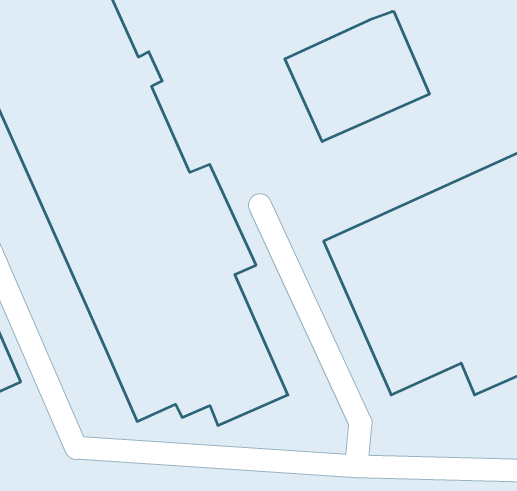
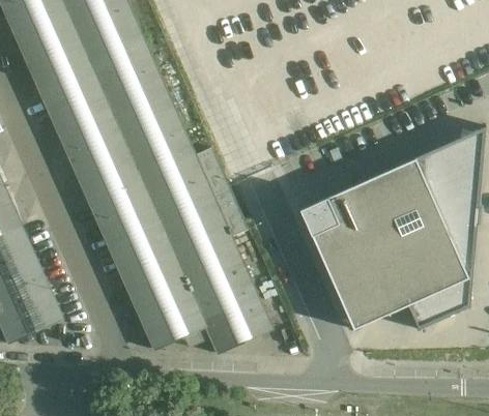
building: [285,11,429,142] -> none

